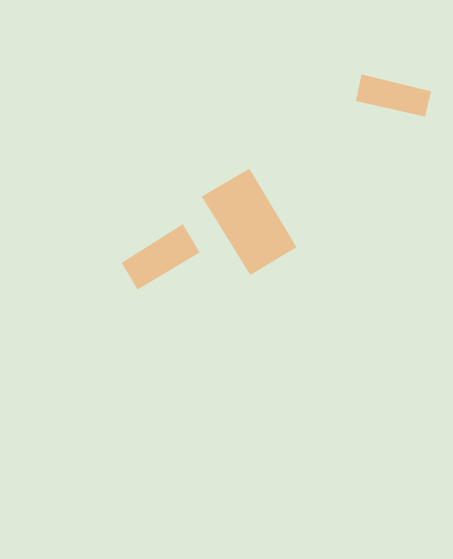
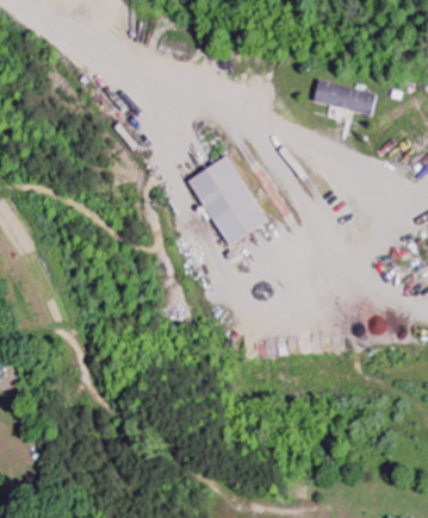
building: [121,223,200,291] -> none

